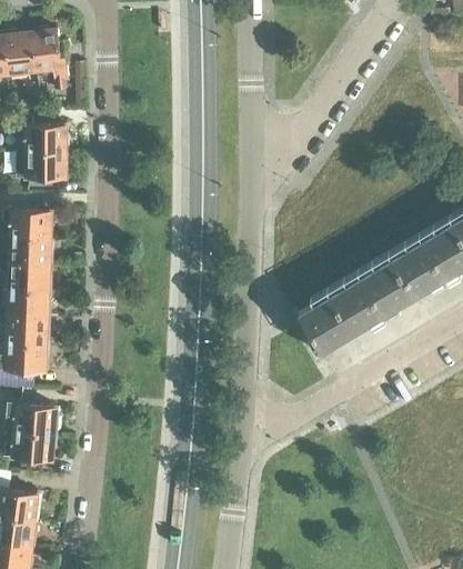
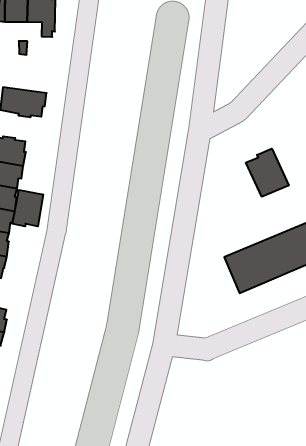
building: [18,126,69,154] -> none
building: none -> [246,149,289,197]
building: none -> [13,190,43,226]

